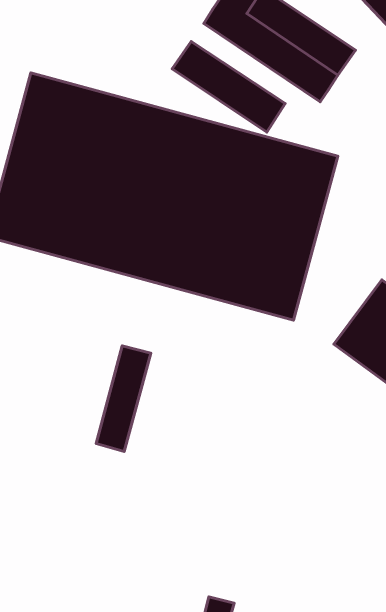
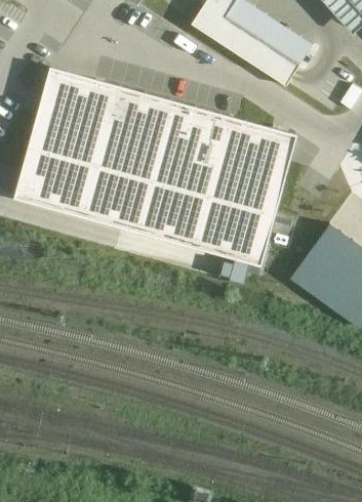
building: [172,42,285,132] -> none
building: [96,346,151,451] -> none

